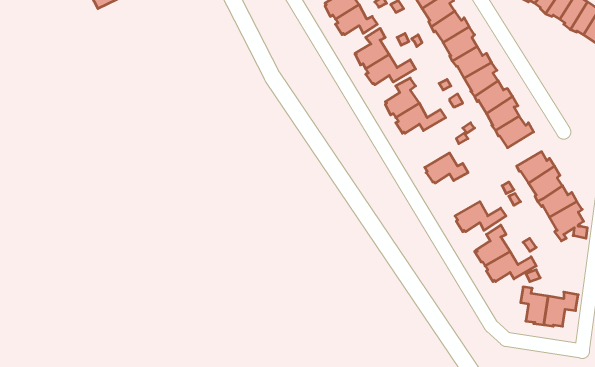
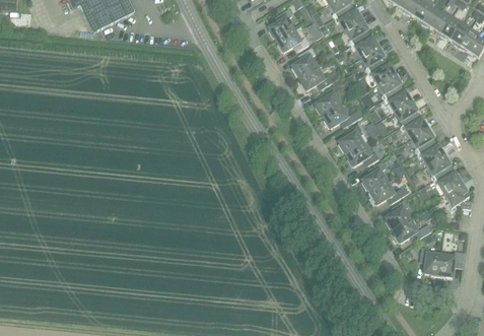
building: none -> [338,122,366,153]
building: none -> [409,126,435,152]
building: none -> [361,160,388,191]

